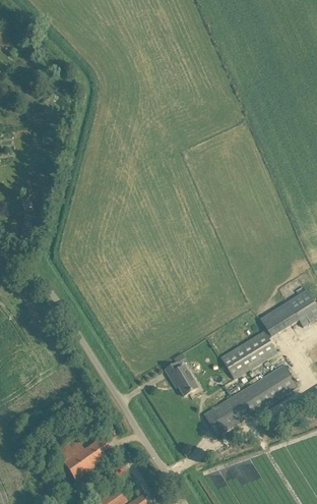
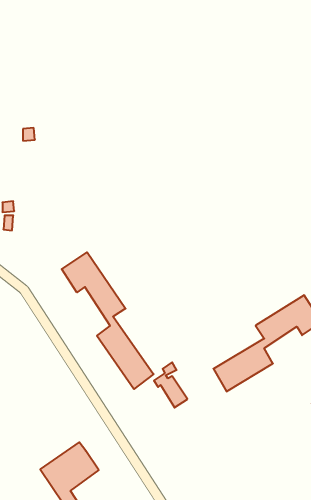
building: none -> [62,252,154,389]
building: [204,366,297,435] -> none

